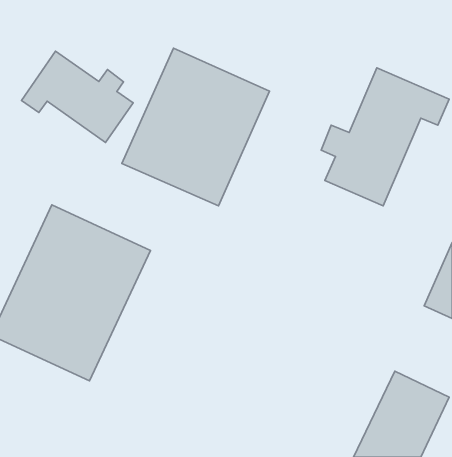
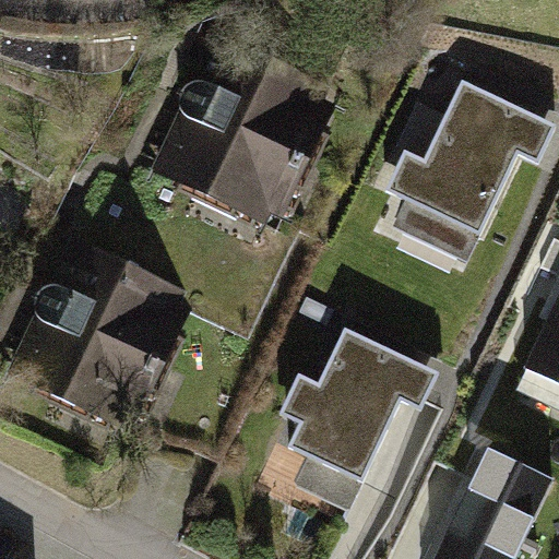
building: [21,51,133,142] -> none
building: none -> [274,322,442,510]

